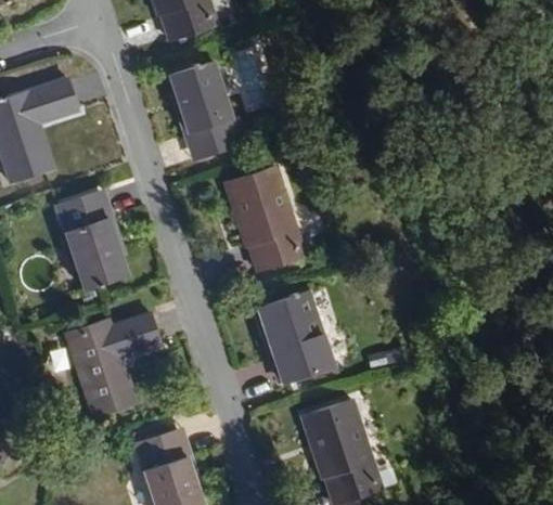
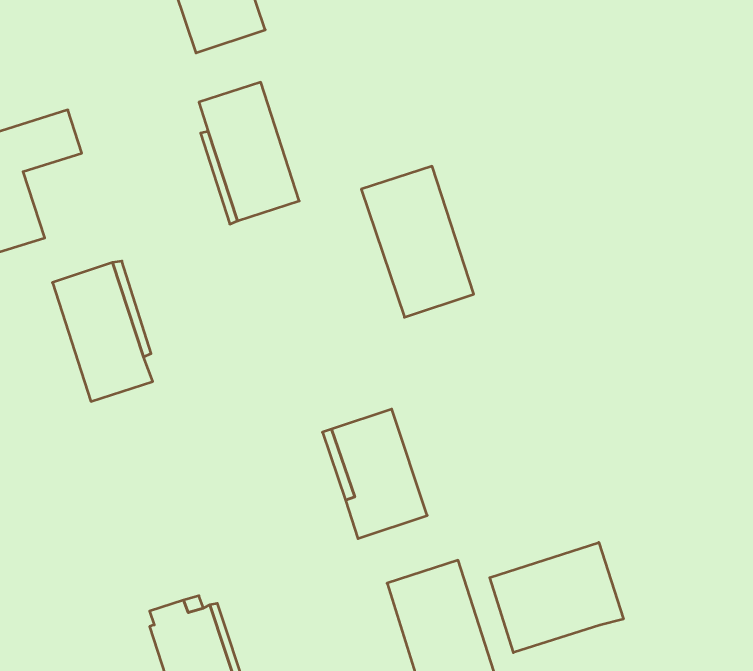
building: [217,164,296,270] -> [361,166,474,317]
building: [61,314,154,418] -> none
building: none -> [490,542,623,653]

